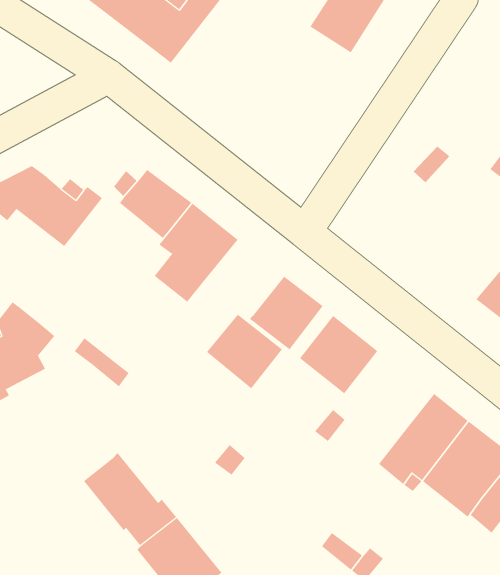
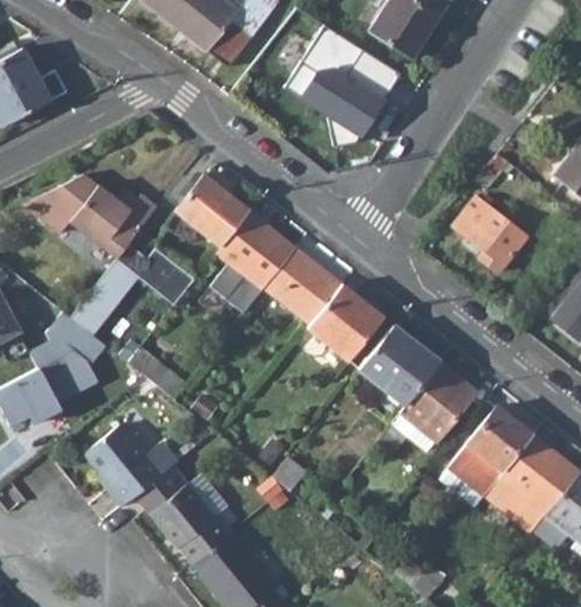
building: none -> [286,25,415,146]
building: none -> [453,194,531,275]
building: none -> [70,244,194,334]
building: [206,314,283,389] -> [264,249,343,326]
building: none -> [400,363,474,441]
building: none -> [85,423,167,506]

